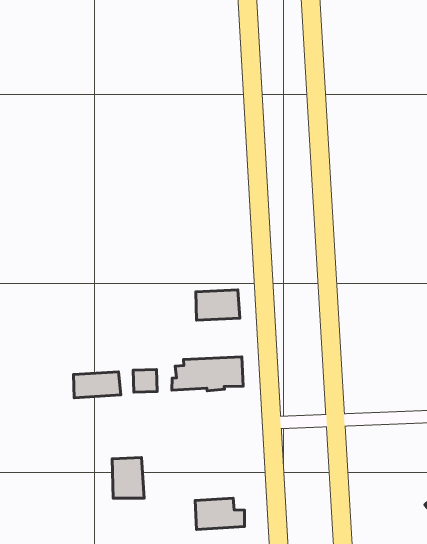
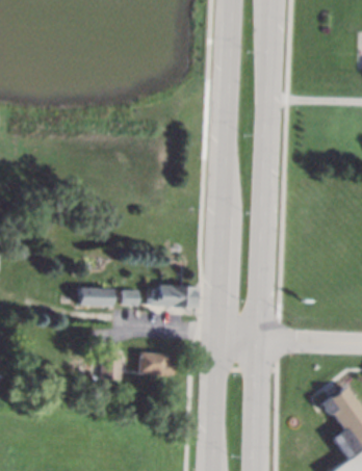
building: [196,290,240,320] -> none
building: [195,498,245,530] -> [138,352,174,374]

